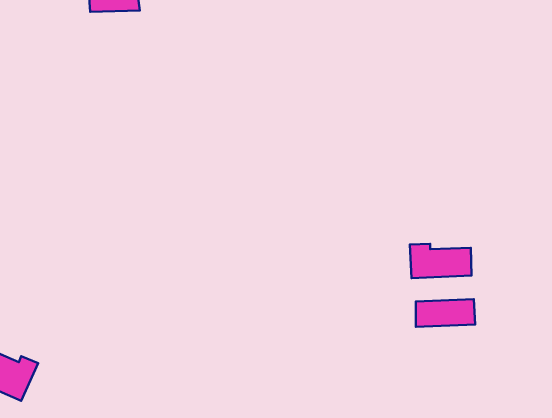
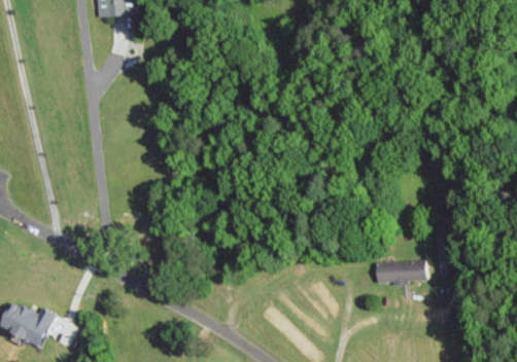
building: [410,244,471,278] -> none

